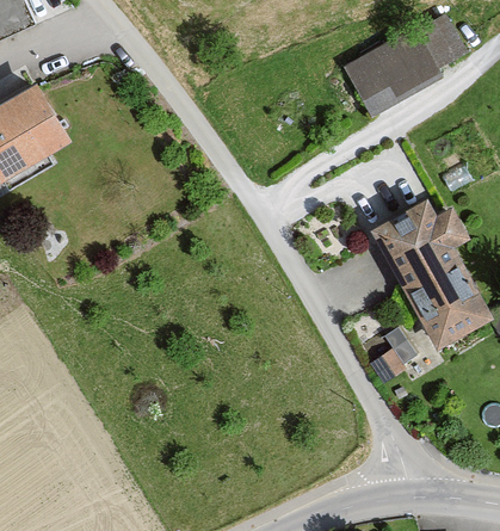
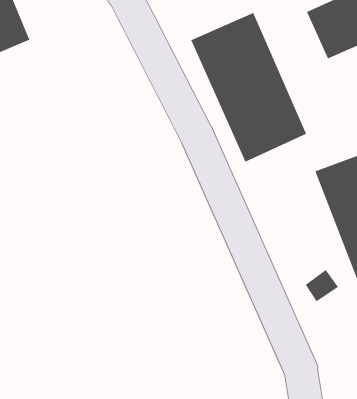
building: none -> [191,12,307,162]

